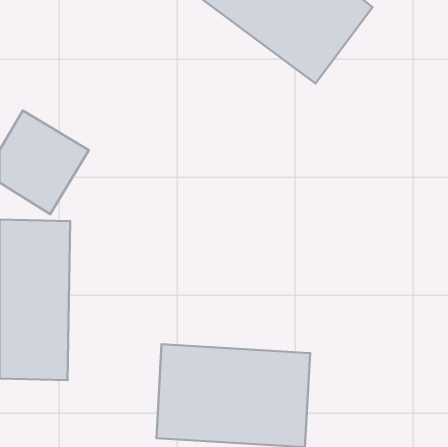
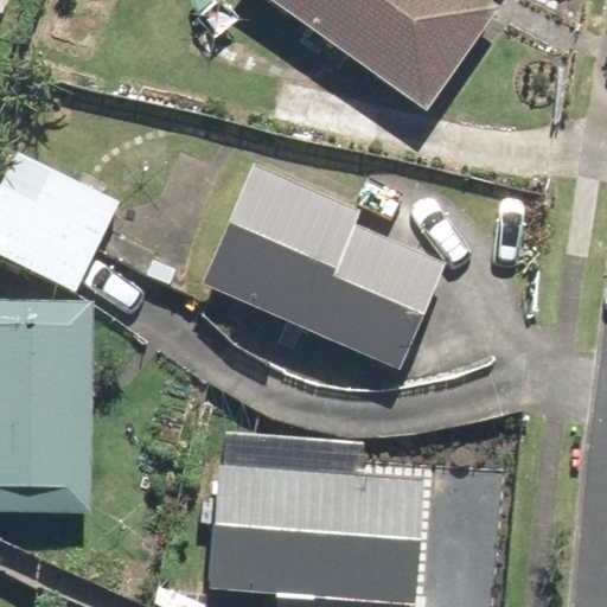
building: none -> [197,162,443,370]

